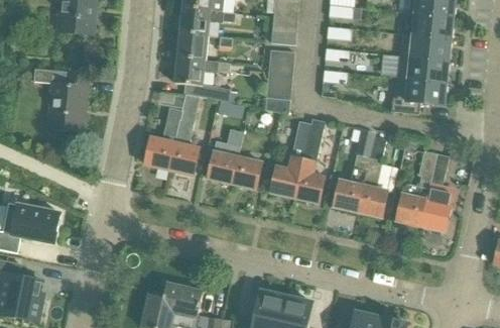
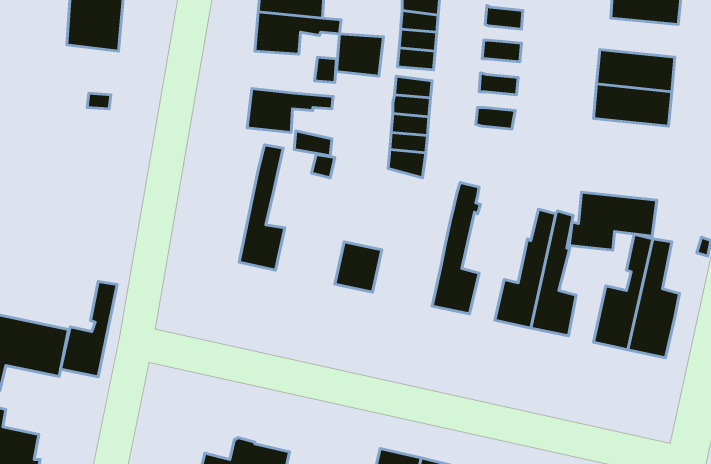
building: [408,12,452,37] -> none
building: [177,33,208,61] -> [336,34,383,76]
building: [34,68,89,130] -> none
building: [389,77,446,114] -> [569,192,657,250]
building: [145,108,181,170] -> [61,281,117,377]
building: [208,133,242,184] -> none
building: [271,139,305,198] -> none

